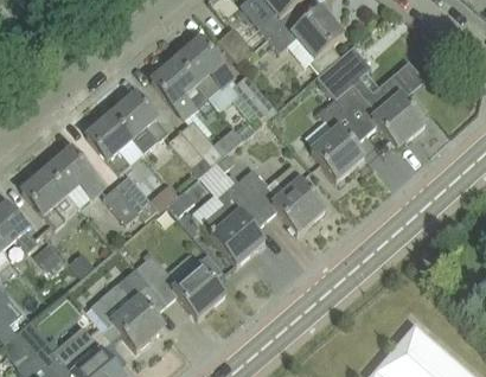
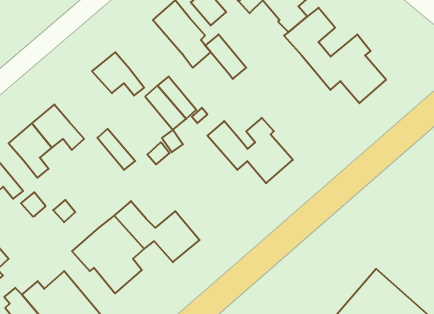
building: [152,58,209,116] -> none
building: [311,96,366,179] -> none
building: [87,113,133,172] -> none
building: [203,172,267,264] -> none
building: [102,184,146,223] -> none

